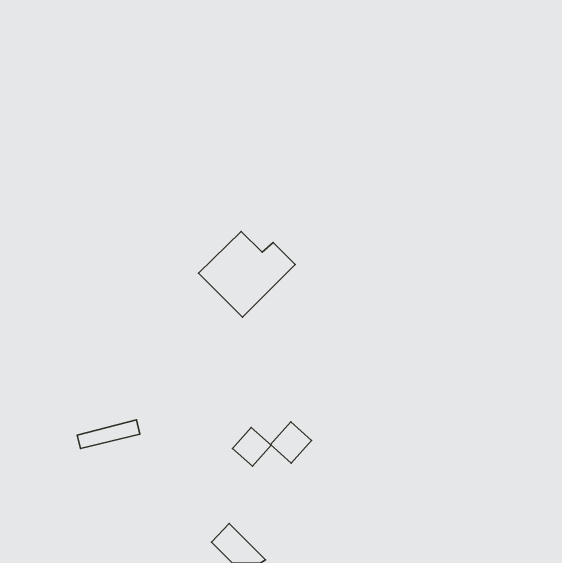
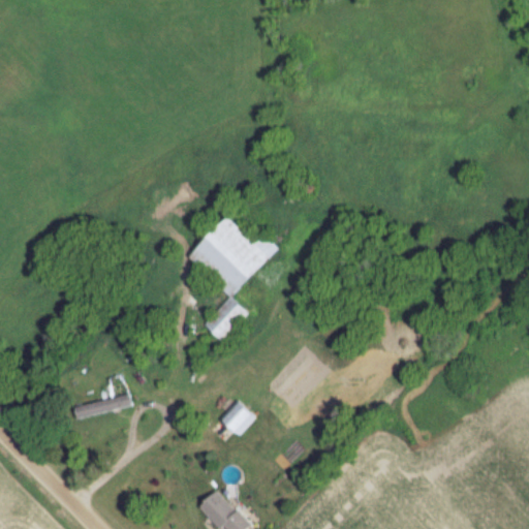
building: none -> [203,298,245,340]
building: [270,422,311,463] -> none

